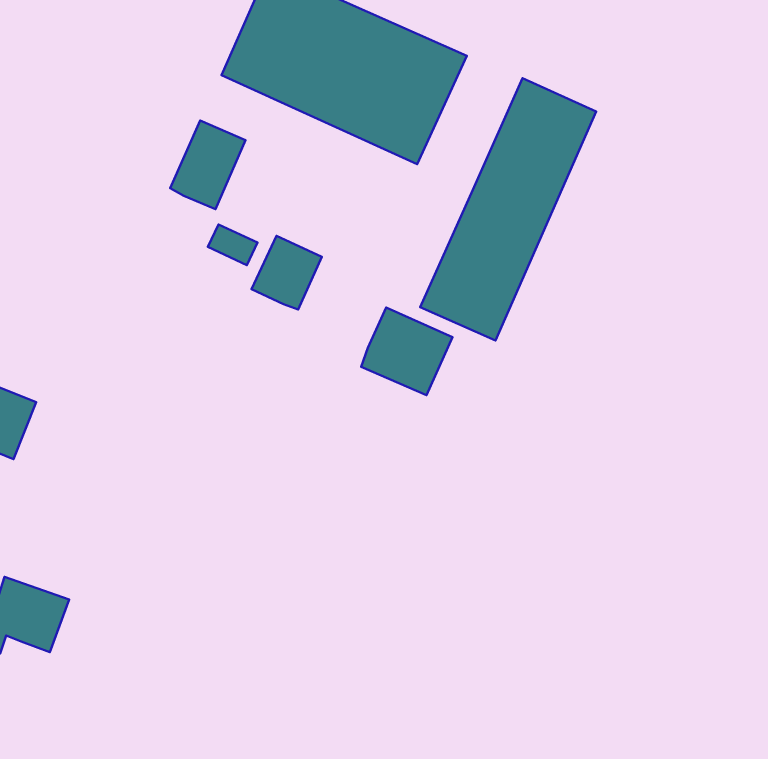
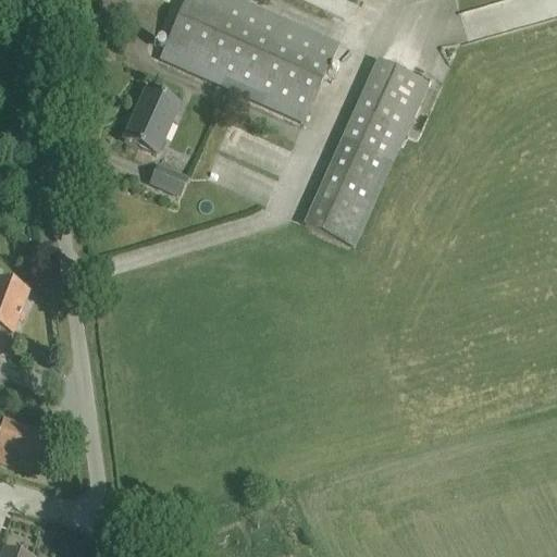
building: [252,236,322,310] -> none
building: [361,308,453,395] -> none

